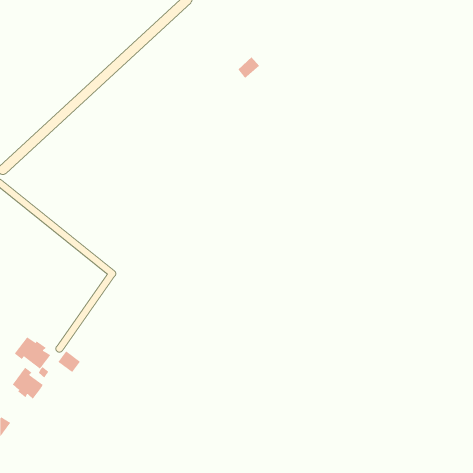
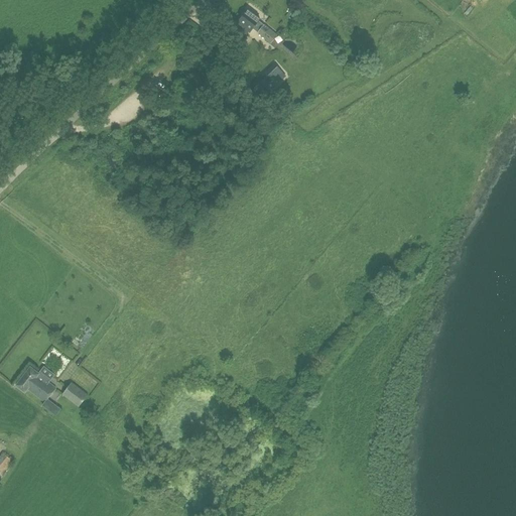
building: none -> [237,8,277,41]
building: [12,367,44,400] -> none

